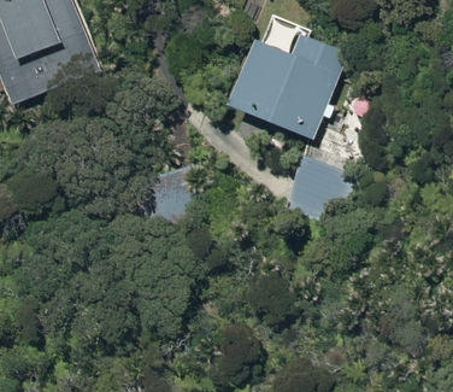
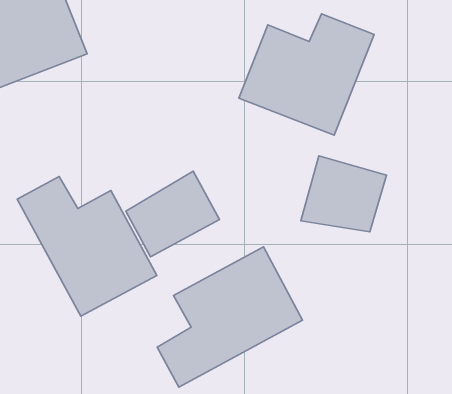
building: none -> [17,177,157,316]
building: none -> [157,247,302,387]

